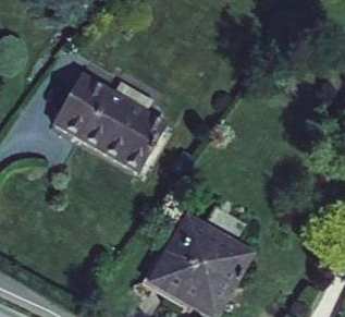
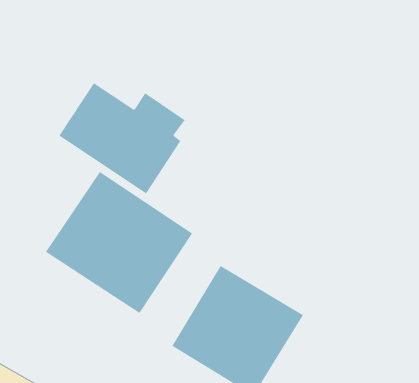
building: none -> [45,171,193,314]

